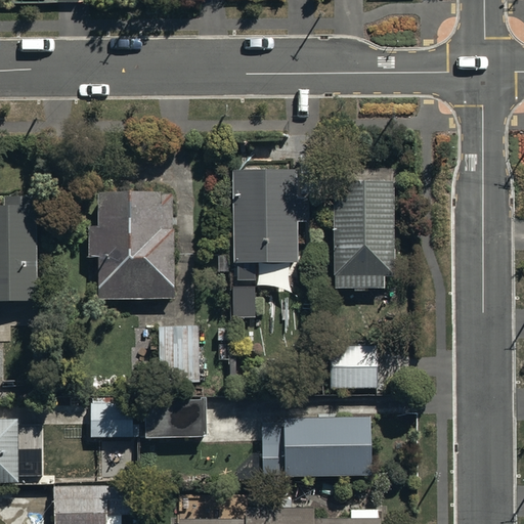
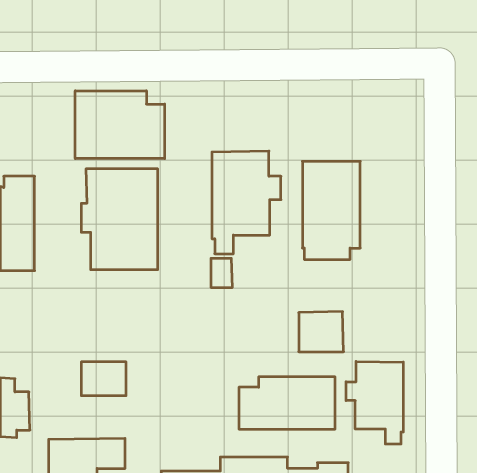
building: none -> [75,91,165,159]
building: [157,328,199,381] -> none
building: [144,400,206,437] -> none
building: none -> [346,361,403,444]

